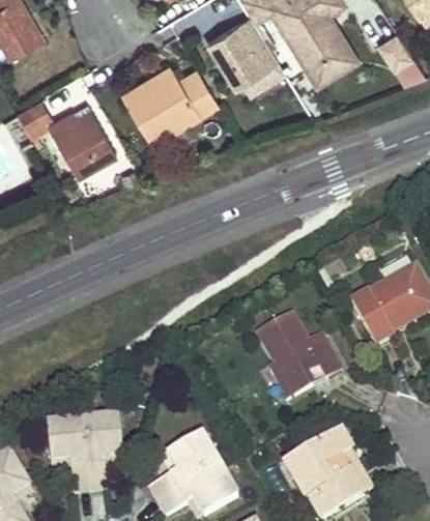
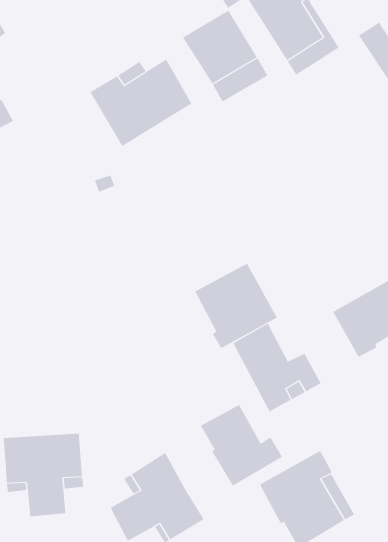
building: [54,108,121,180] -> none
building: none -> [194,263,277,349]
building: none -> [200,404,283,486]

